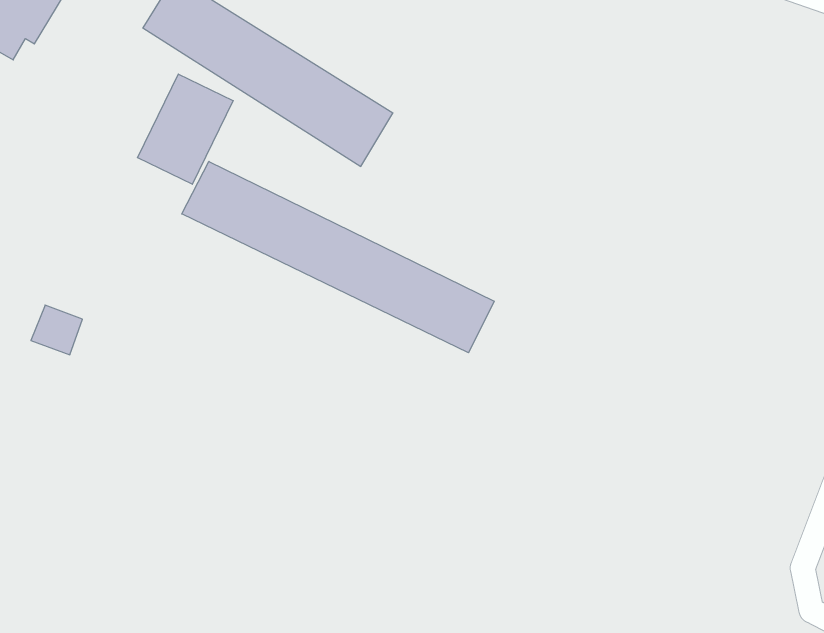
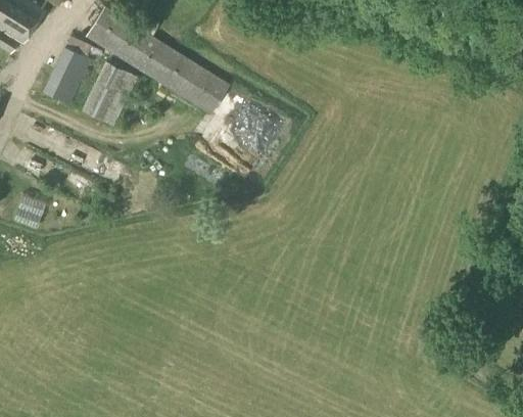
building: none -> [41,36,91,104]
building: [182,161,494,353] -> none

